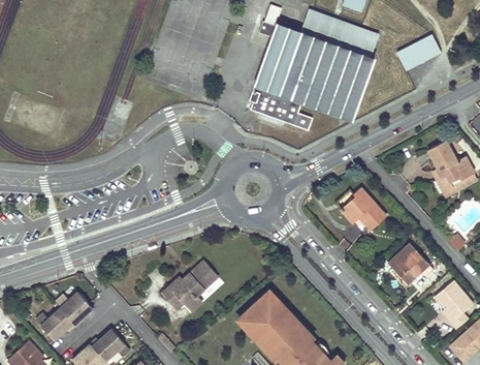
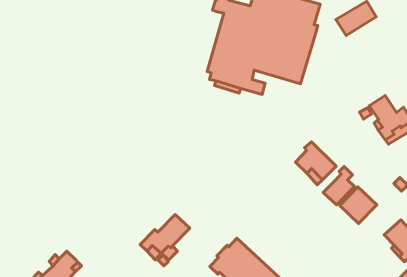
building: none -> [323,167,354,205]

